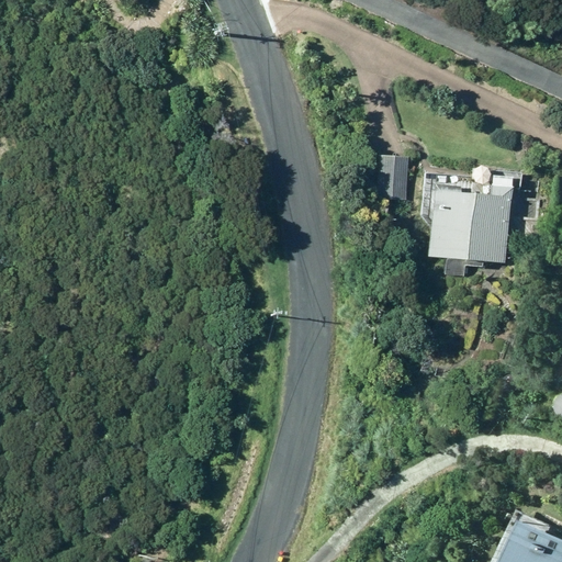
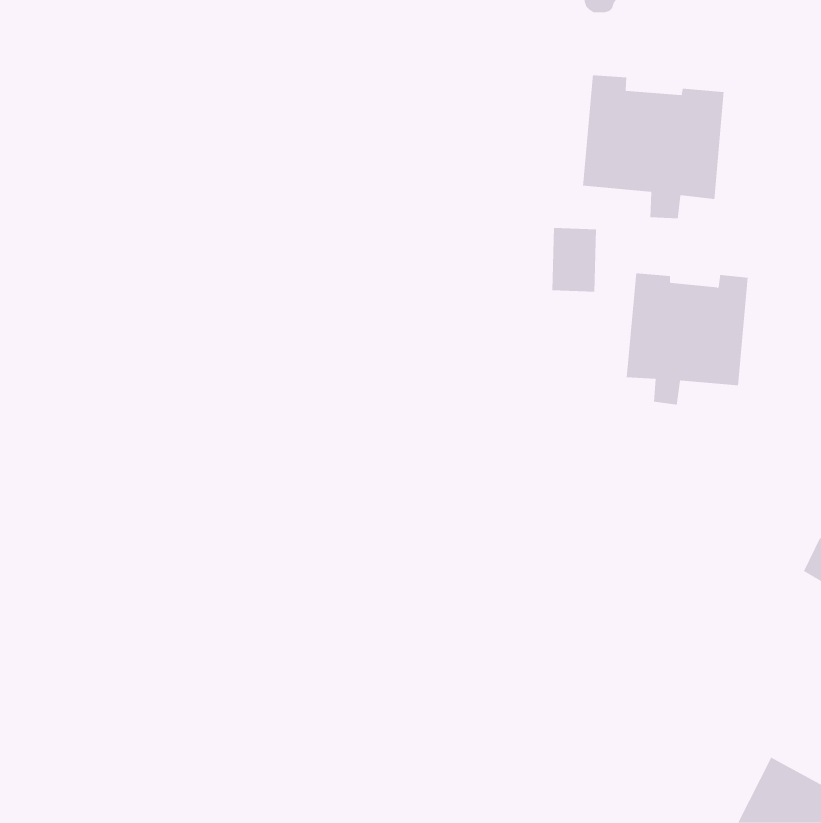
building: none -> [583,74,724,219]

